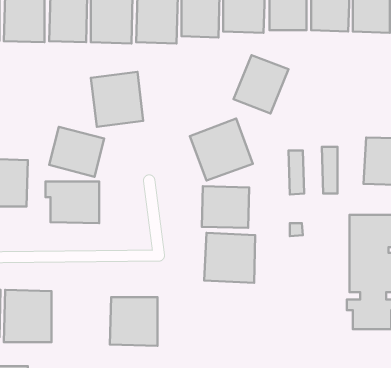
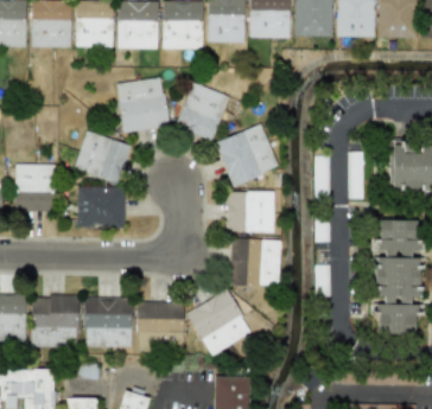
building: [234,55,288,113] -> [176,82,230,140]
building: none -> [186,289,252,356]
building: none -> [84,296,133,347]

